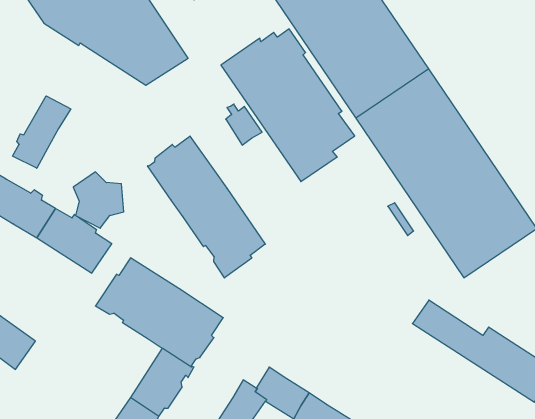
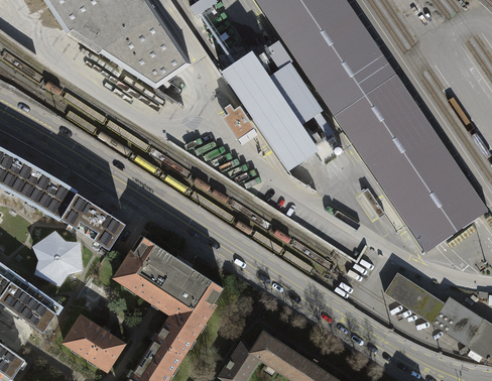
building: [13,96,71,168] -> none
building: [148,136,265,278] -> none
building: [73,172,124,228] -> [36,235,80,283]
building: none -> [61,315,122,370]

